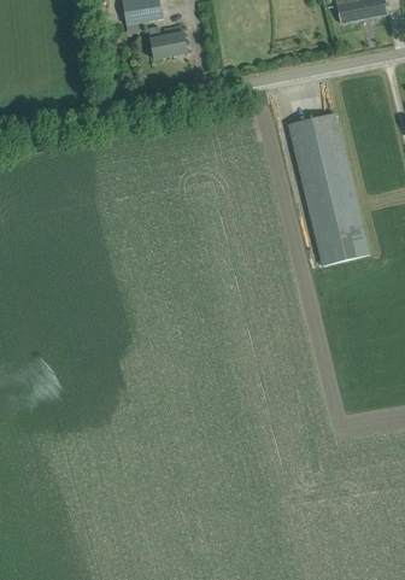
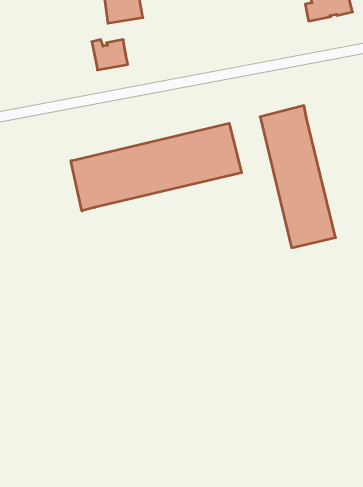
building: [148,27,187,59] -> [92,40,128,70]
building: none -> [71,123,242,211]

